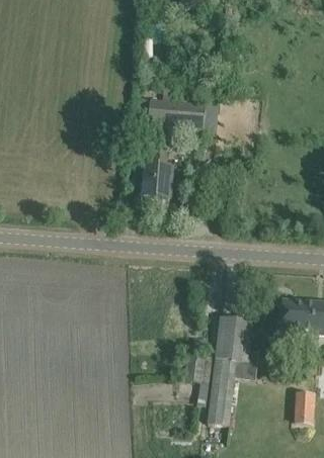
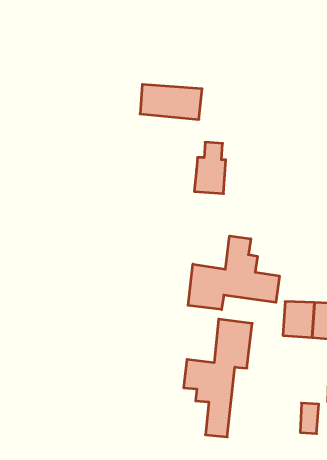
building: [143,151,172,198] -> [194,142,226,194]
building: none -> [188,236,279,310]

